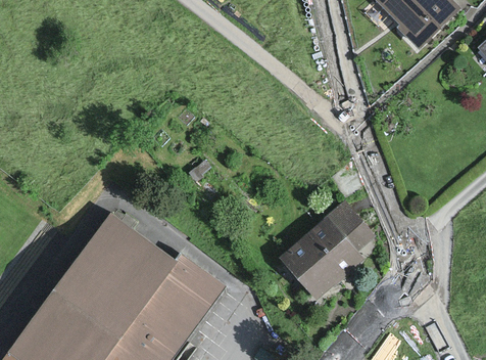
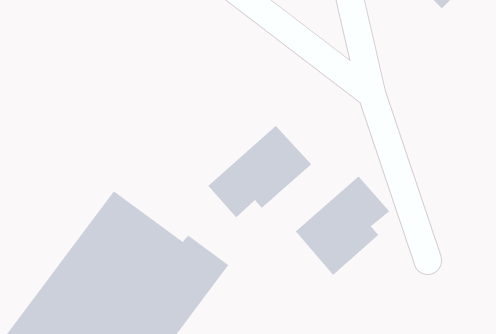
building: none -> [207,125,312,218]

